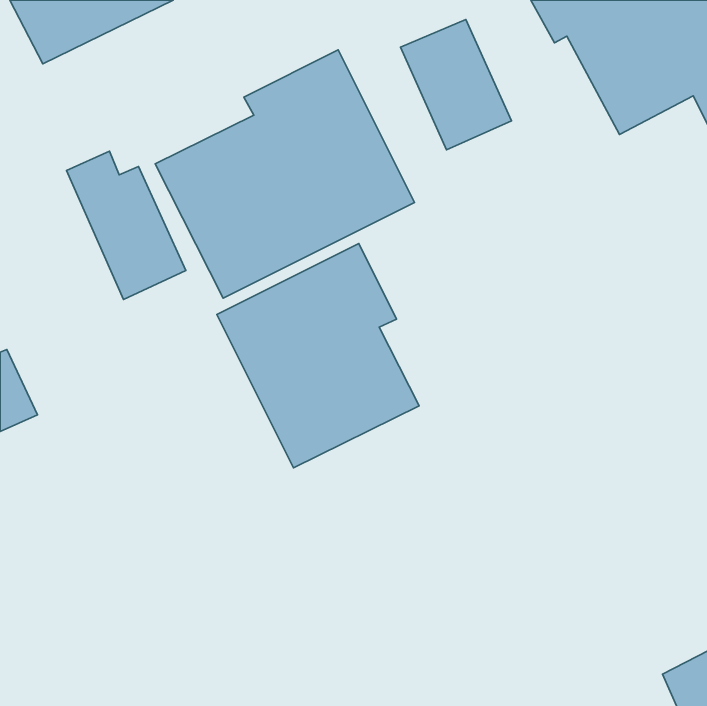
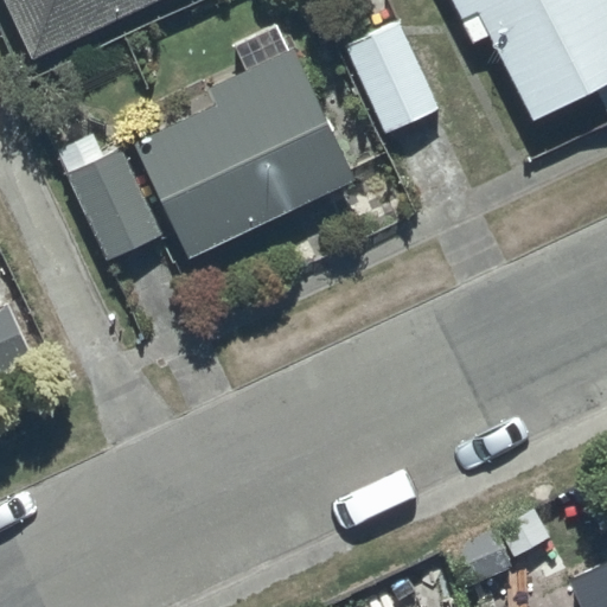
building: [217,244,419,468] -> none

